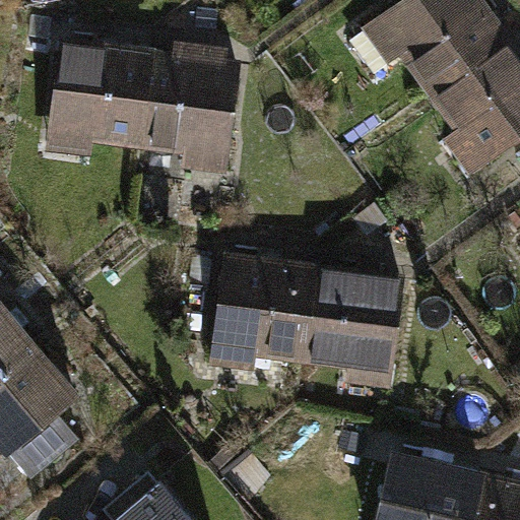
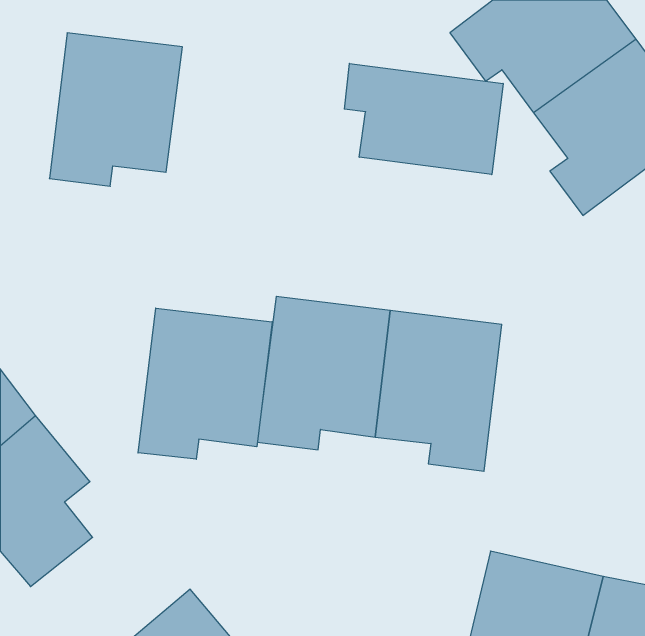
building: [135,47,238,175] -> none
building: none -> [344,63,503,175]
building: none -> [138,308,272,459]

